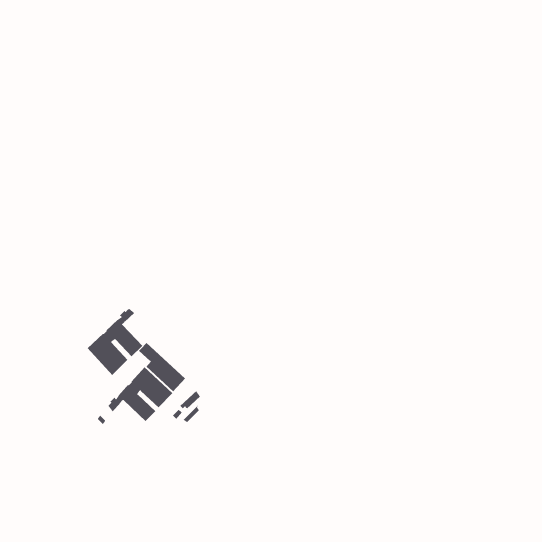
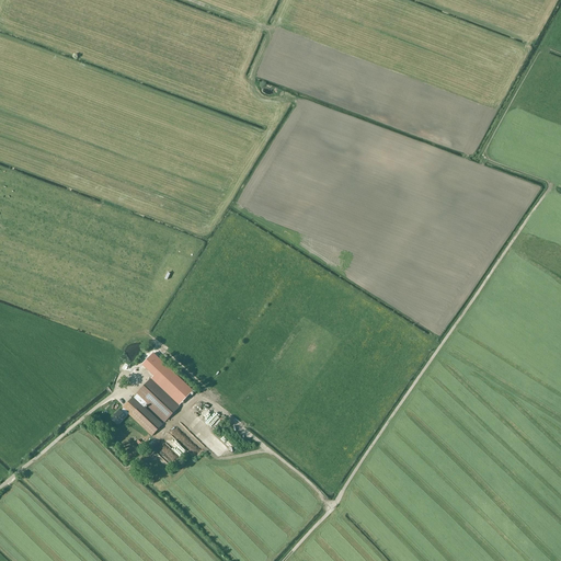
building: [87,308,143,376] -> none

